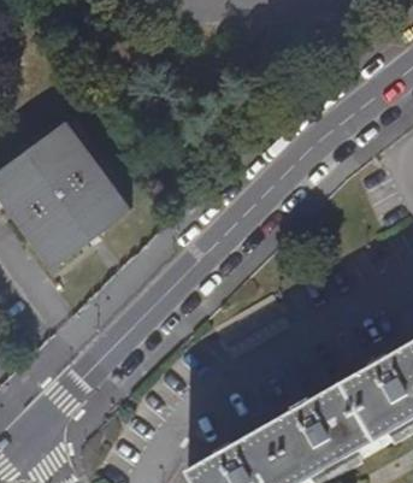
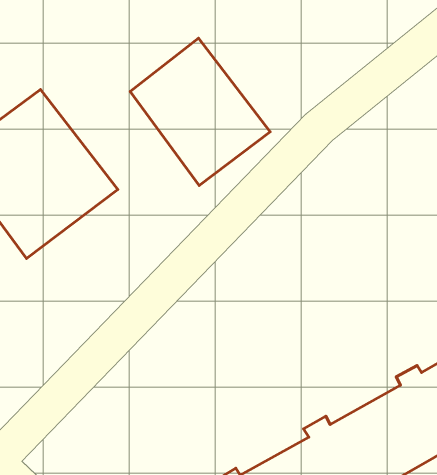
building: none -> [130,38,270,185]

